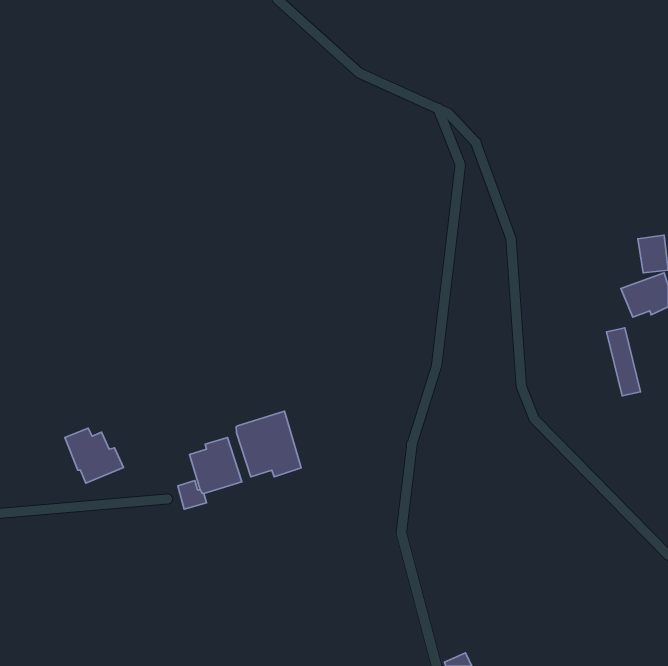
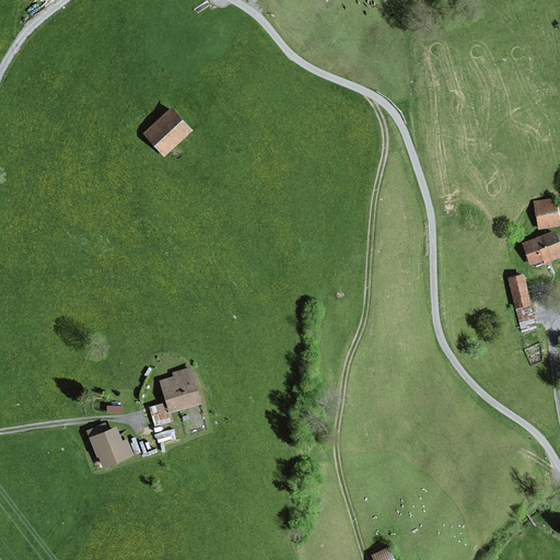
building: none -> [142,107,192,158]
building: [236,411,301,477] -> none
building: [65,428,124,483] -> [85,422,135,468]

